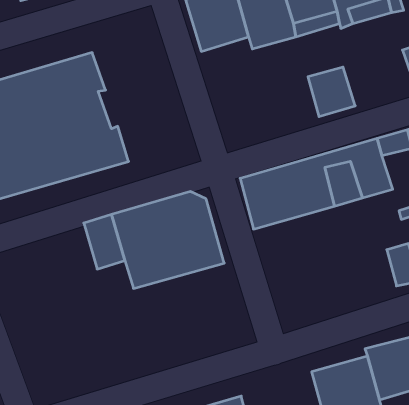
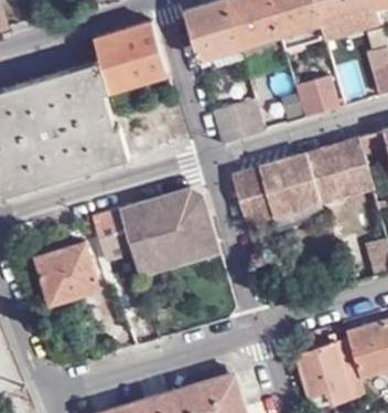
building: none -> [91,23,169,98]
building: none -> [212,97,263,142]
building: none -> [36,241,99,301]

